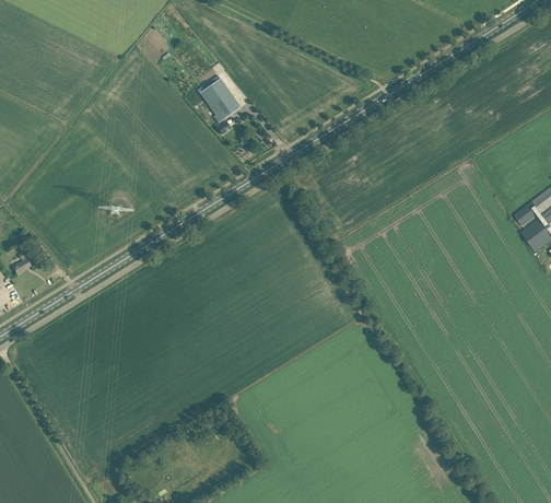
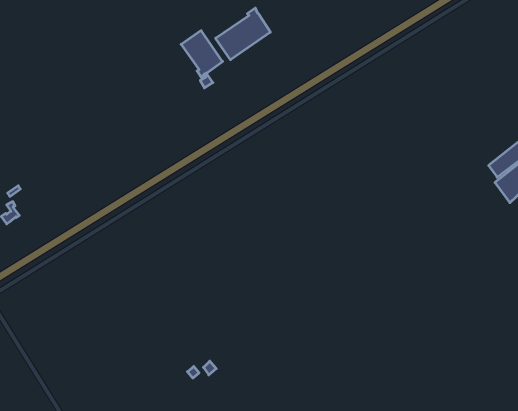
building: none -> [216,8,270,60]

